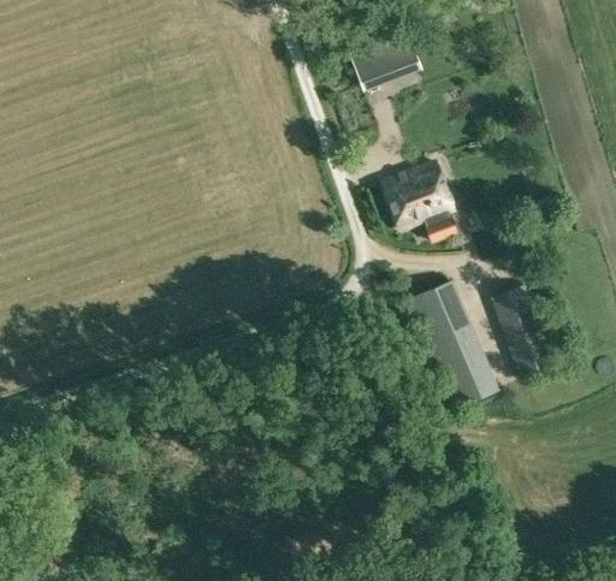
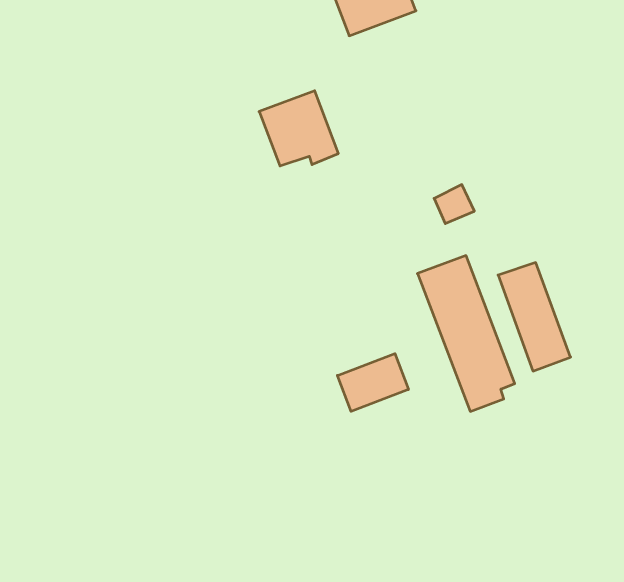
building: [381,162,450,227] -> [259,91,338,166]
building: none -> [337,354,408,411]

